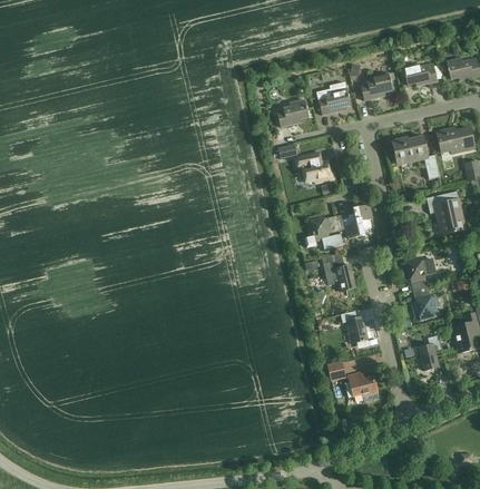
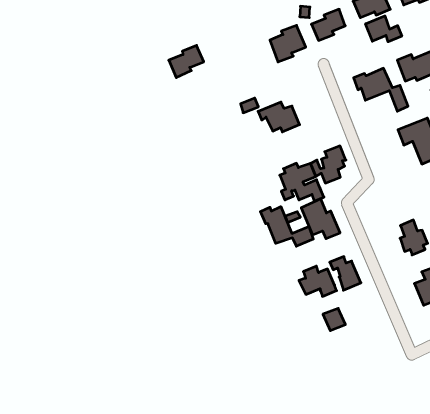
building: none -> [366,16,402,42]
building: [276,99,310,127] -> [169,45,204,78]
building: none -> [260,207,313,246]
building: [403,256,437,290] -> none
building: [344,371,379,401] -> [299,266,337,296]

